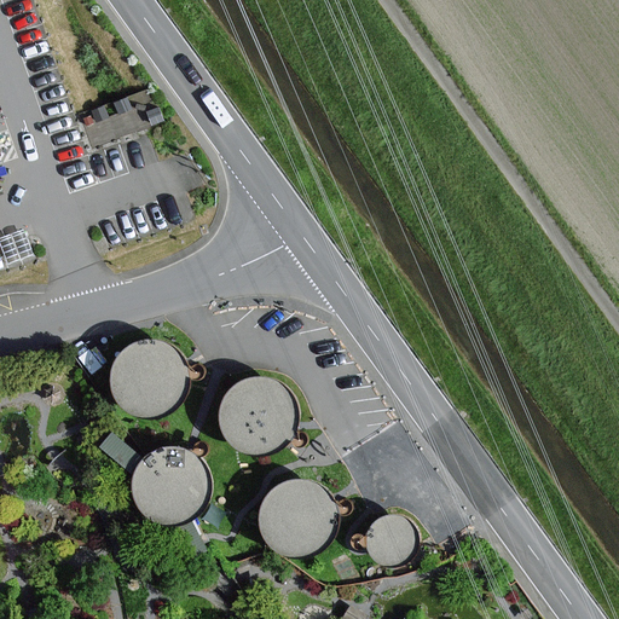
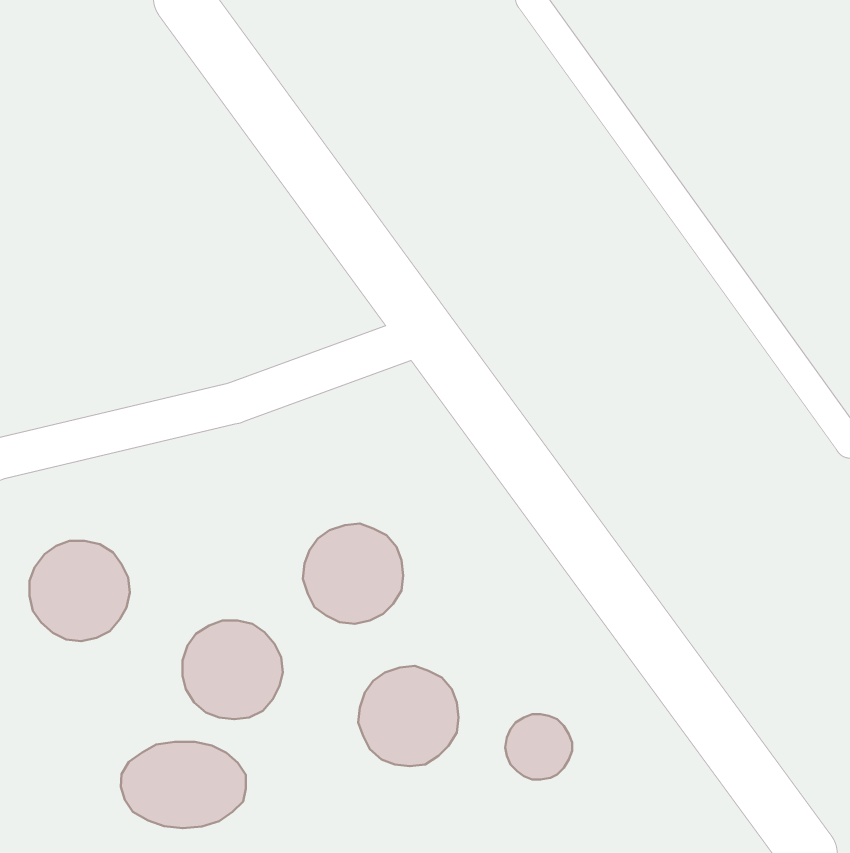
building: [111,341,184,413] -> [29,541,130,641]
building: none -> [121,742,246,828]

